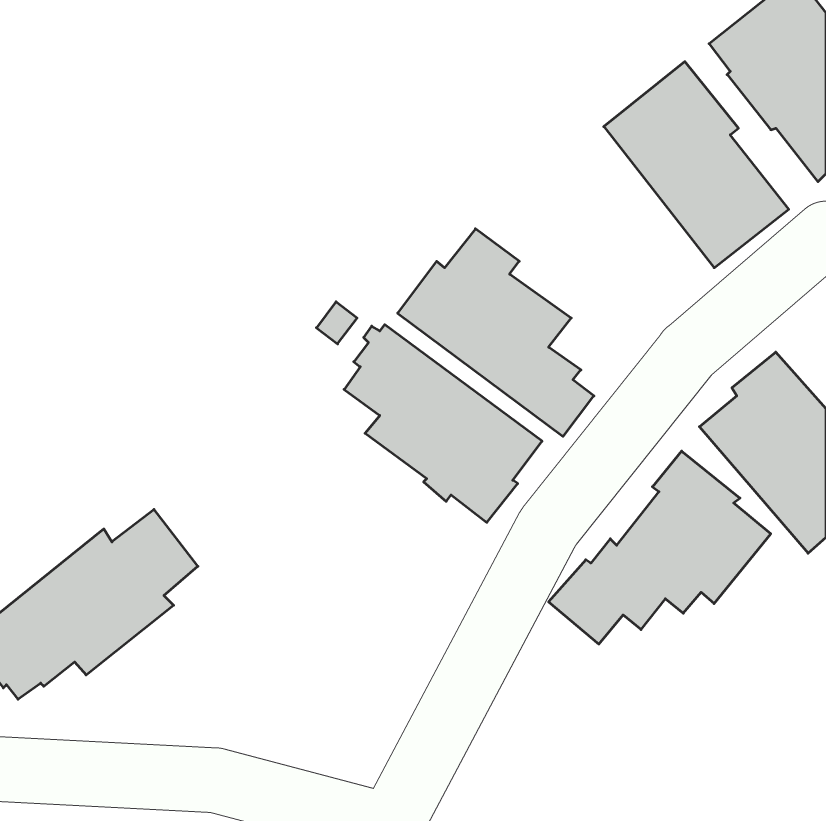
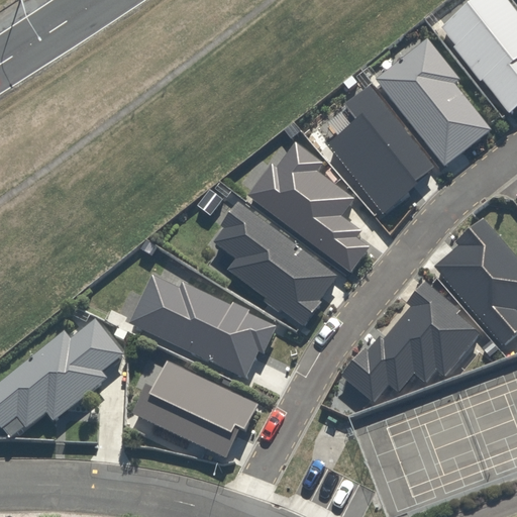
building: none -> [329,86,433,213]
building: none -> [129,275,276,378]
building: none -> [132,360,257,458]

